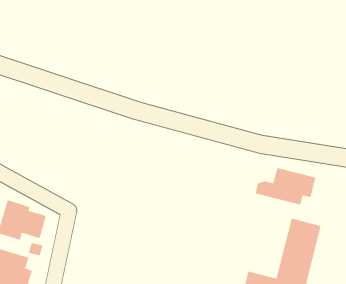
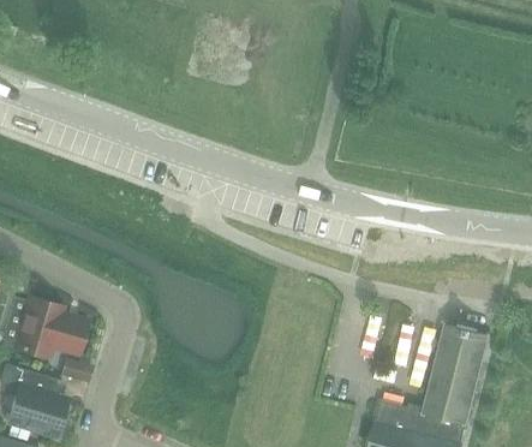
building: [255,167,316,205] -> none

